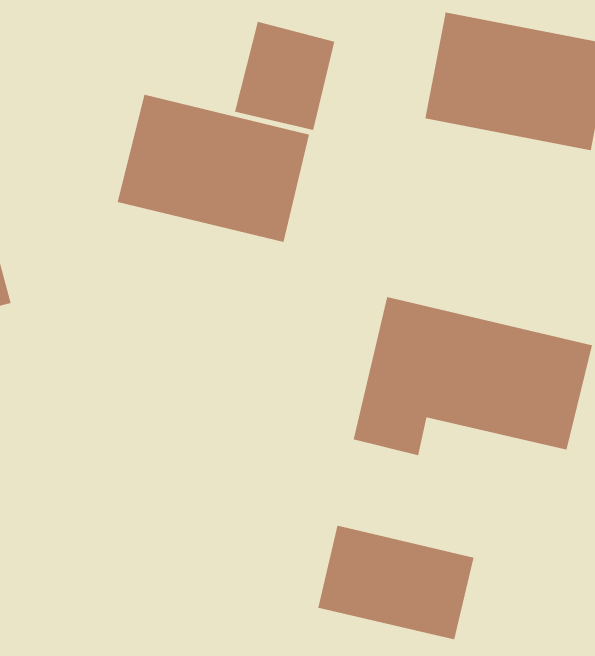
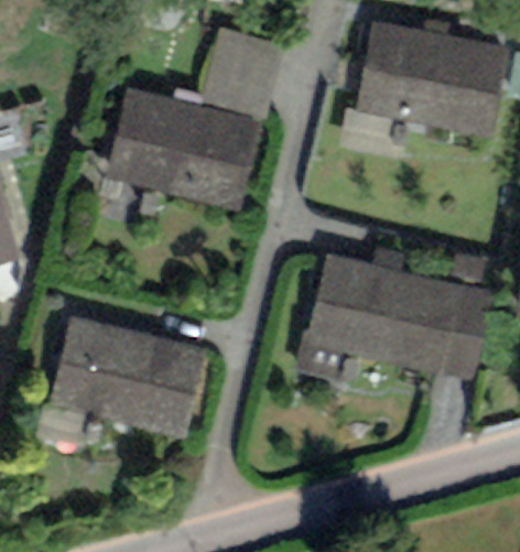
building: none -> [47,317,205,439]
building: [317,525,474,640] -> none

